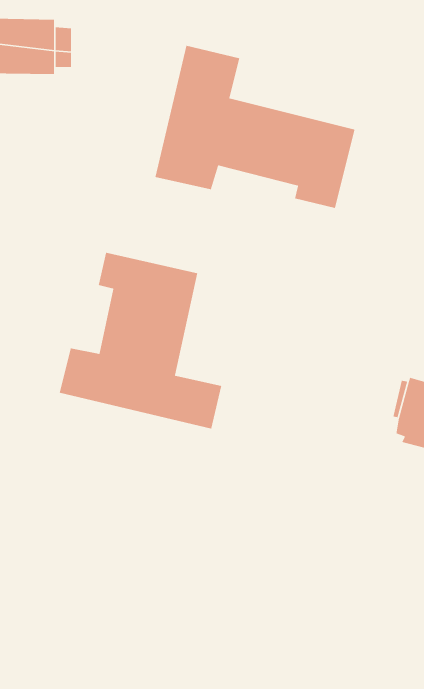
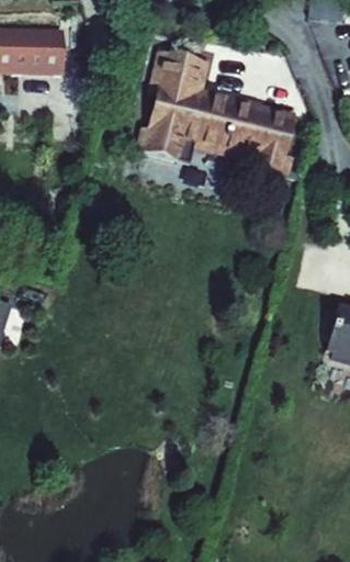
building: [59,252,222,429] -> none

